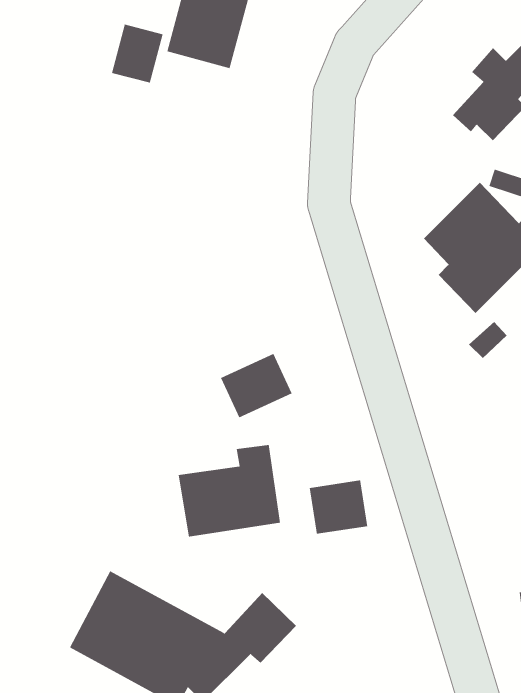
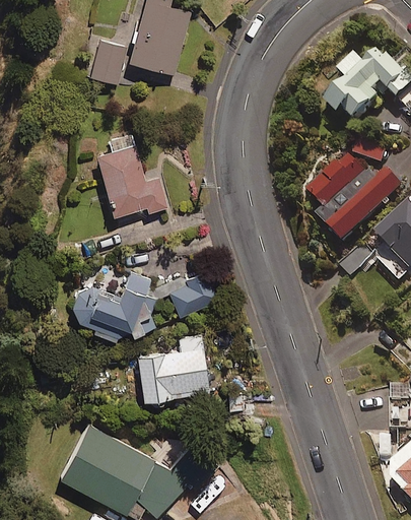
building: none -> [97,130,166,214]
building: none -> [71,271,162,338]
building: [309,480,368,535] -> none

